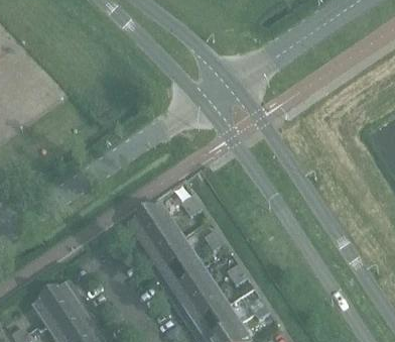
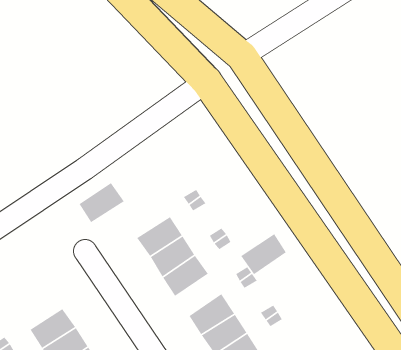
building: [129,203,170,239] -> [78,182,125,223]
building: [174,271,216,309] -> [240,233,287,275]
building: [34,284,75,321] -> none

